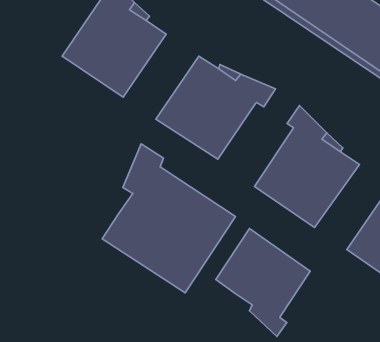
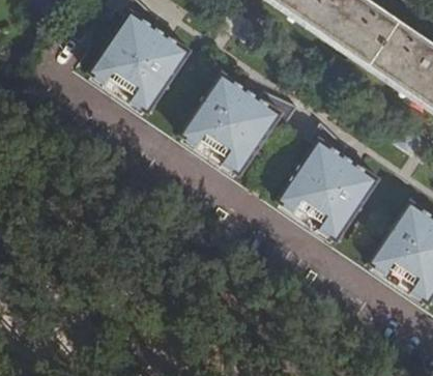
building: [102,144,235,293] -> none
building: [216,228,310,337] -> none

